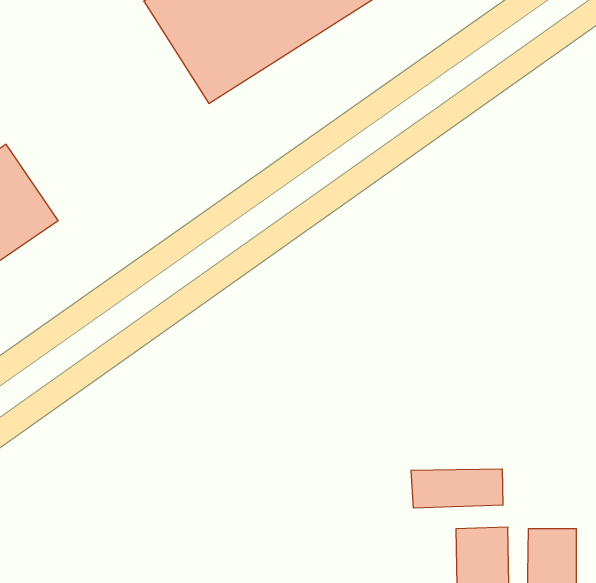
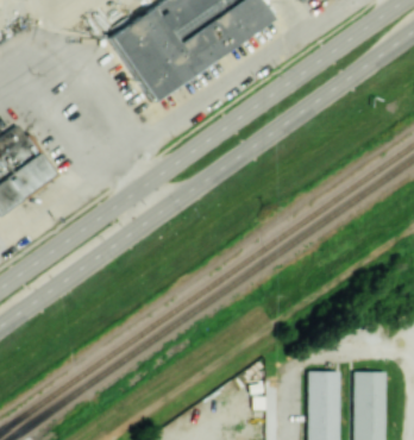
building: [411,469,503,508] -> none

